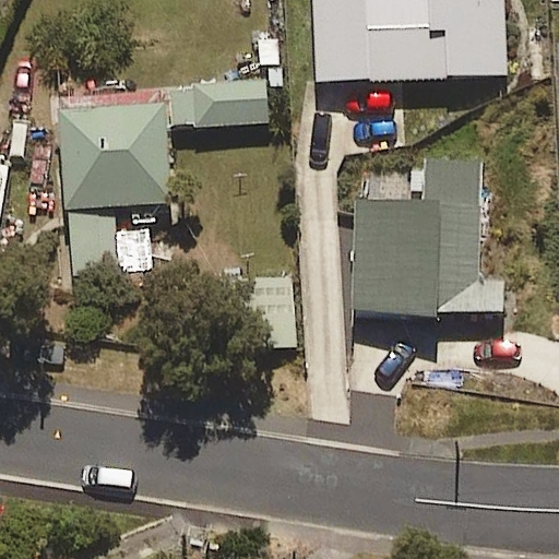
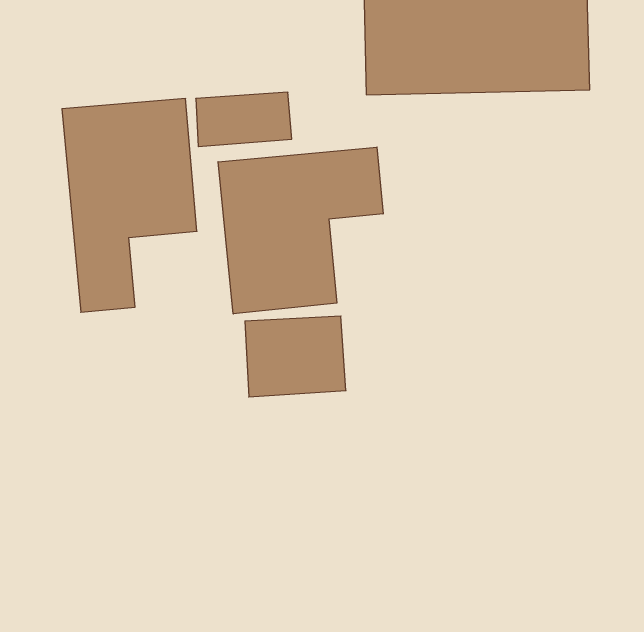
building: none -> [218,147,383,314]
building: [350,153,506,320] -> none

